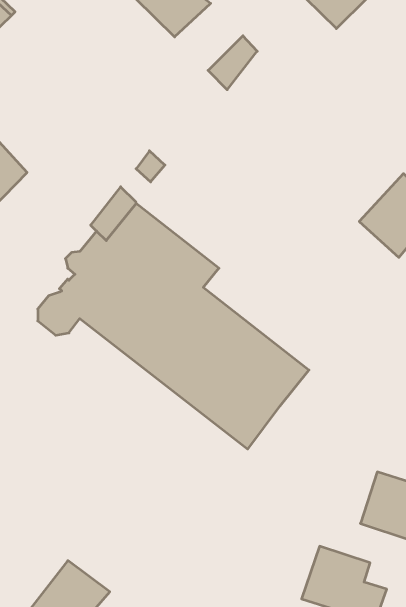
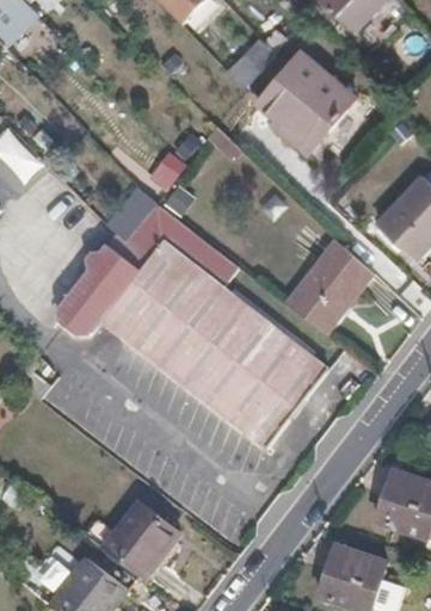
building: none -> [255,50,355,148]
building: none -> [285,239,371,334]
building: none -> [100,501,181,581]

